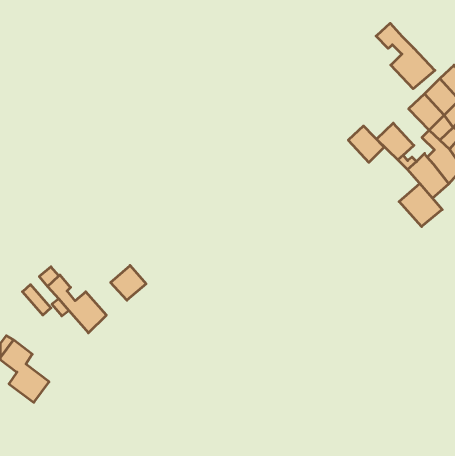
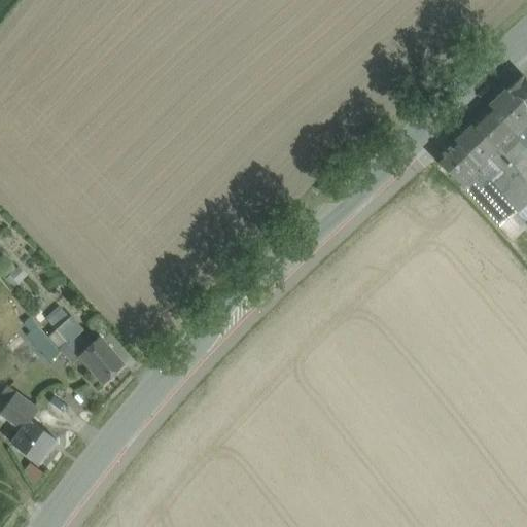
building: [376,23,435,89] -> none
building: [348,126,384,162] -> [455,126,496,168]
building: [399,183,442,227] -> none
building: [111,265,146,300] -> none

